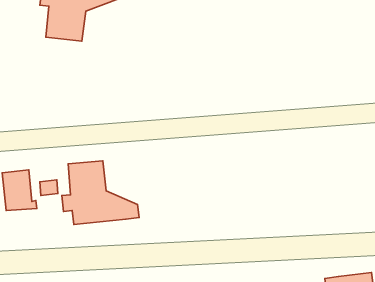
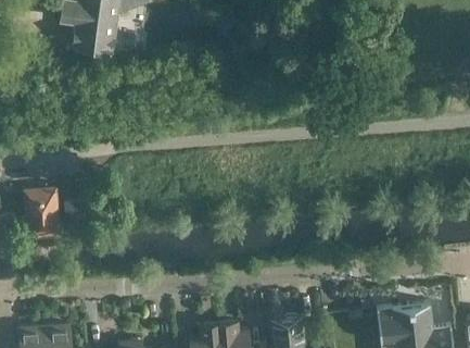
building: [62,161,139,225] -> none

